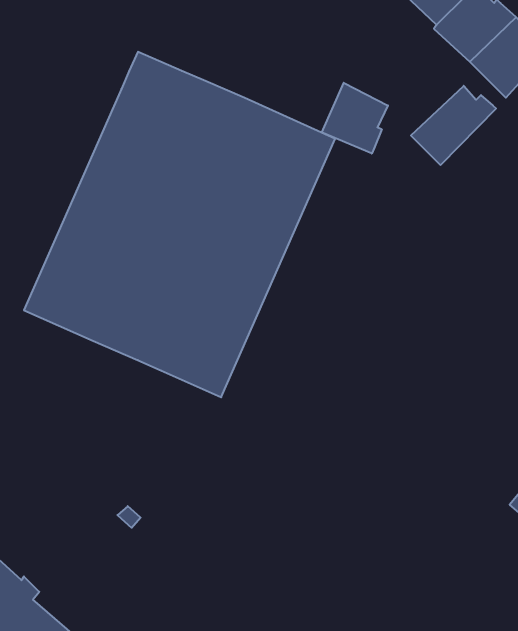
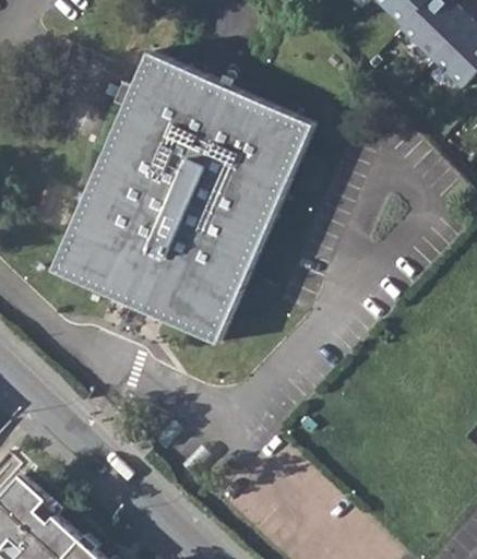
building: [322,83,388,154] -> none
building: [411,86,496,165] -> none

